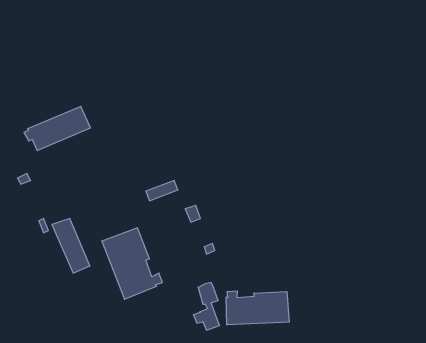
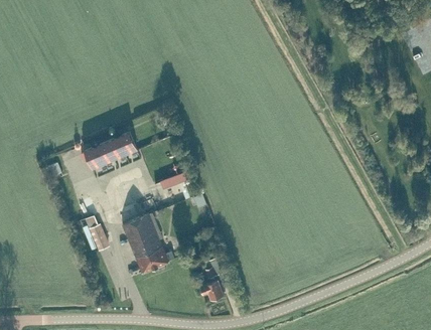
building: [24,106,90,150] -> [80,133,136,170]
building: [226,291,289,325] -> none

